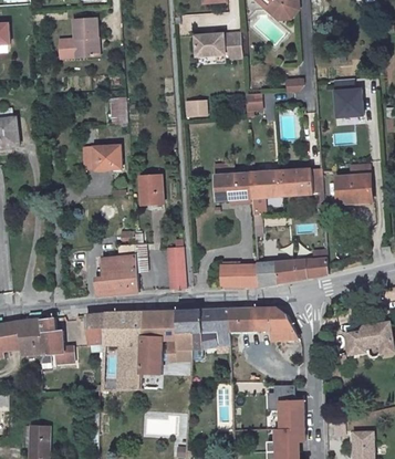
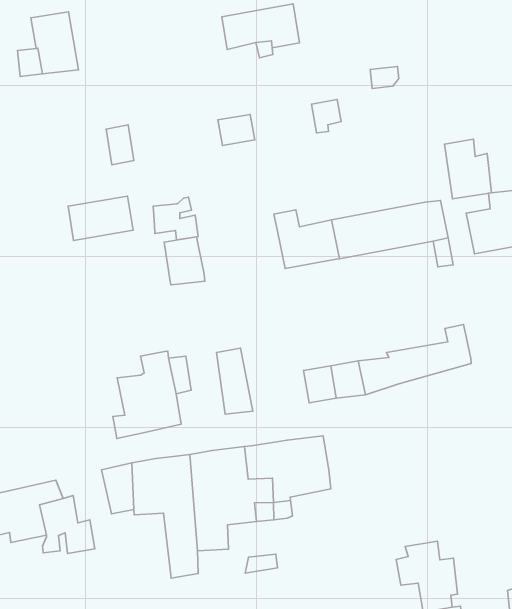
building: [334,79,361,115] -> [444,139,492,199]
building: none -> [153,197,198,240]
building: [228,309,299,341] -> none

